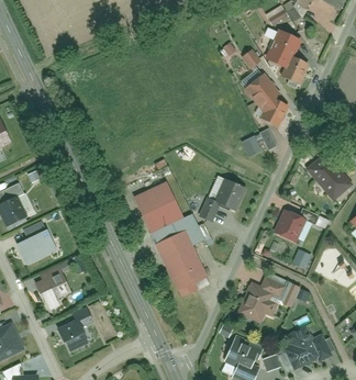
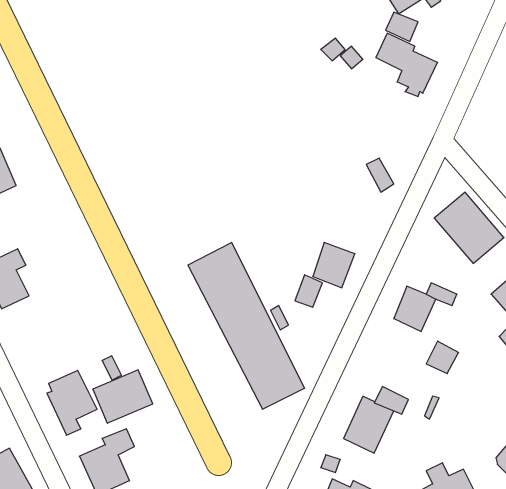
building: [247,76,289,127] -> none
building: [21,228,62,265] -> [93,370,153,423]

